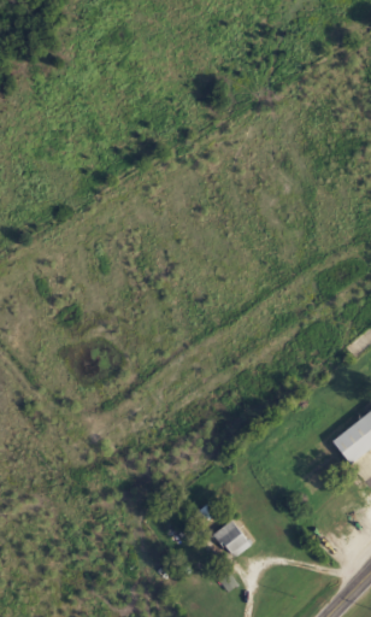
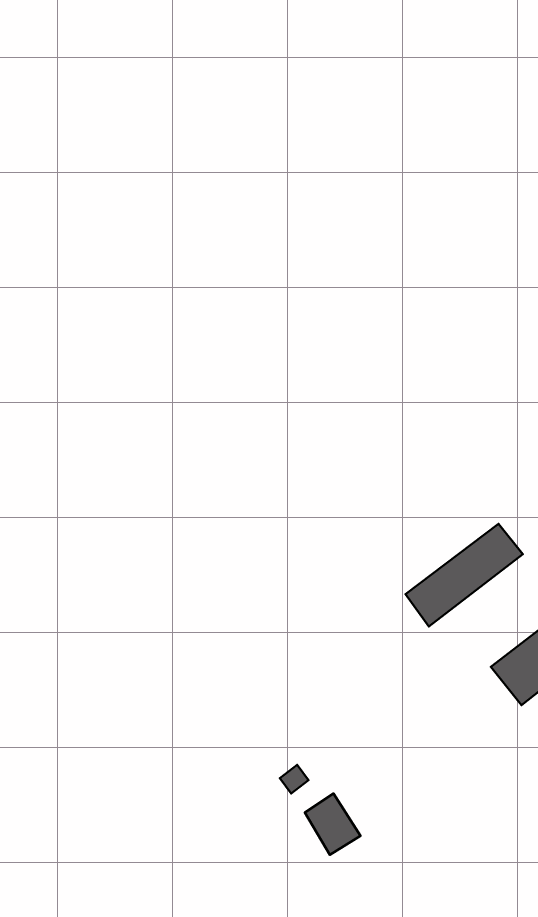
building: none -> [406,524,523,626]

